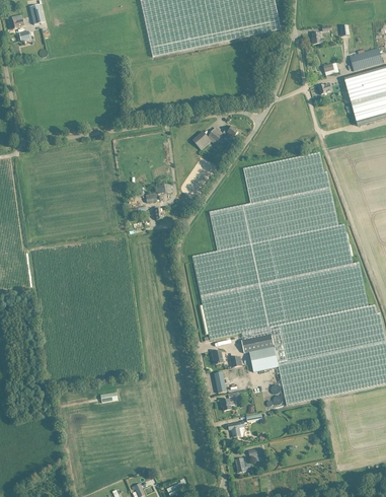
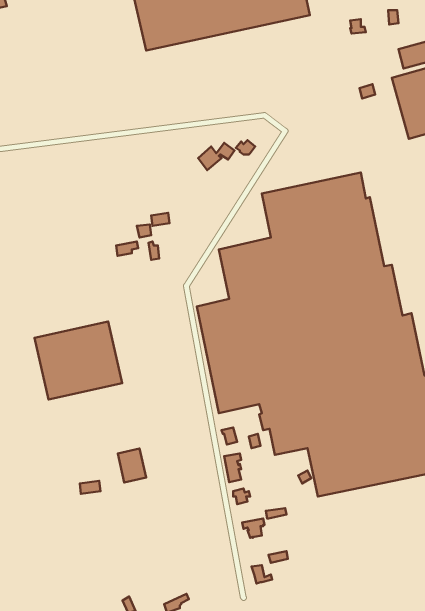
building: none -> [35,321,122,400]
building: none -> [118,448,146,482]

